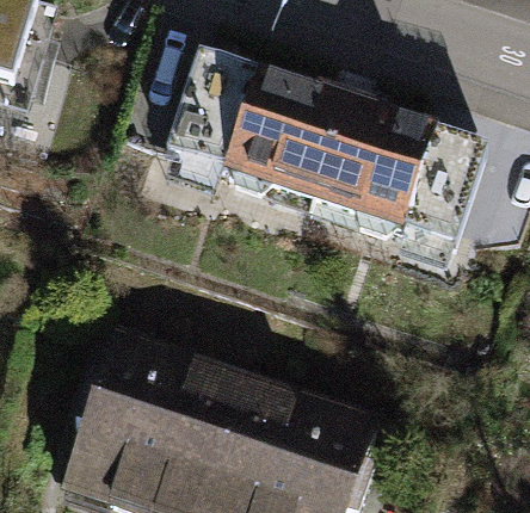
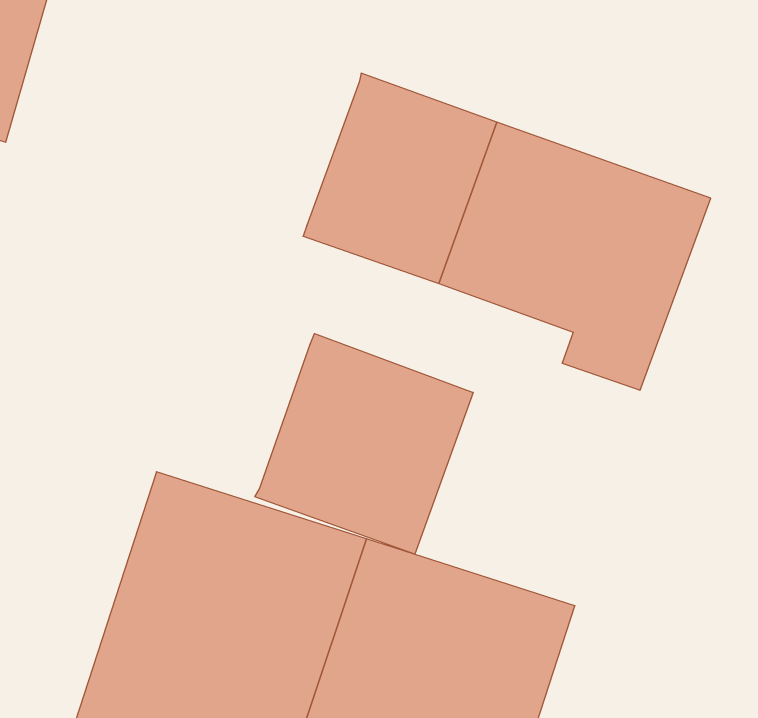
building: [155,50,246,165] -> none
building: none -> [255,334,473,554]

